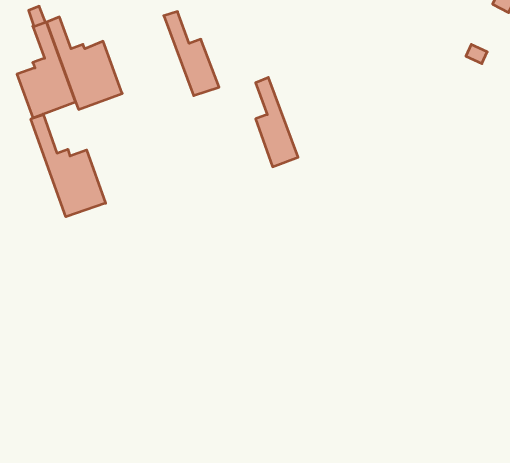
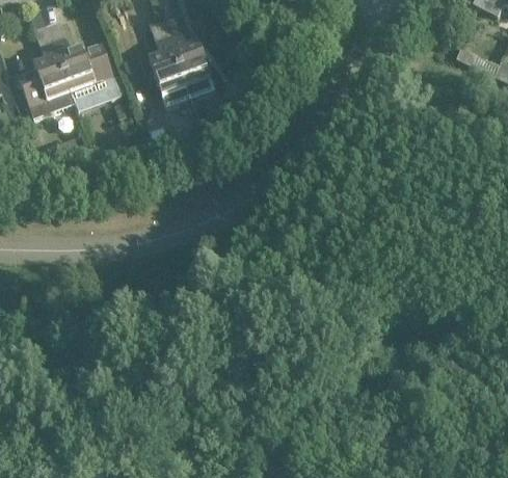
building: [256,77,298,167] -> [150,19,191,106]
building: [31,114,106,217] -> none

